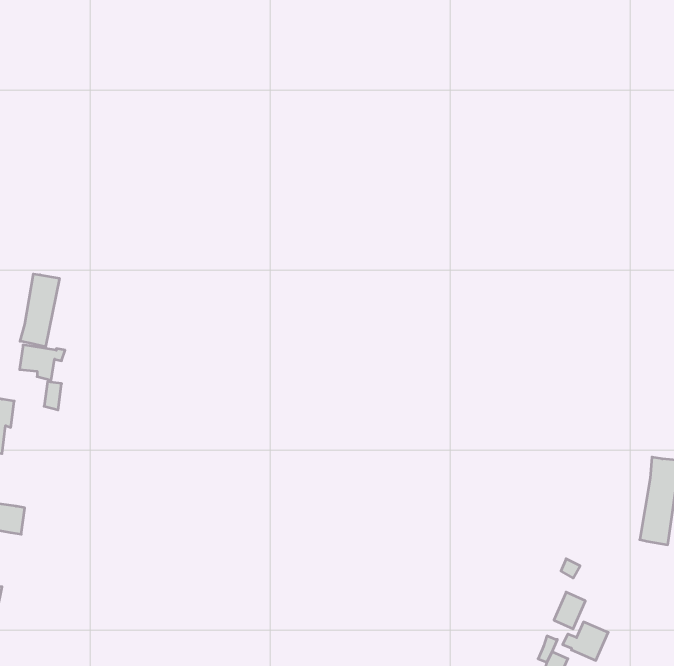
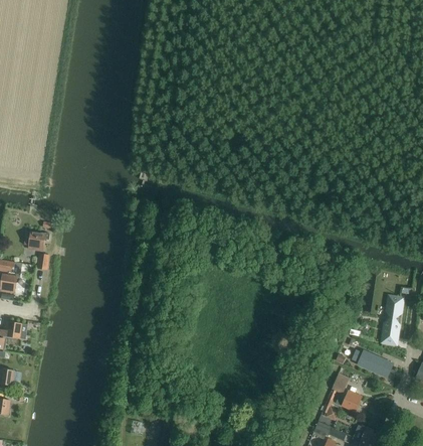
building: [20,274,59,347] -> none
building: none -> [352,349,393,377]

